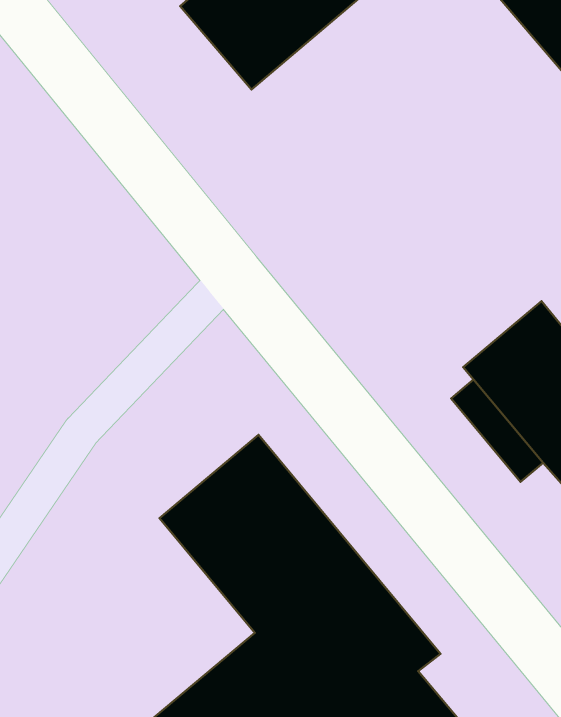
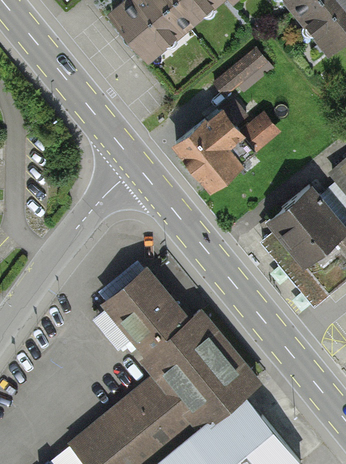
building: none -> [217,48,275,102]
building: none -> [172,107,283,191]

